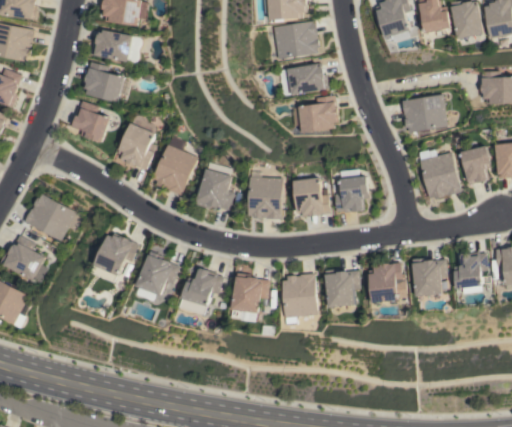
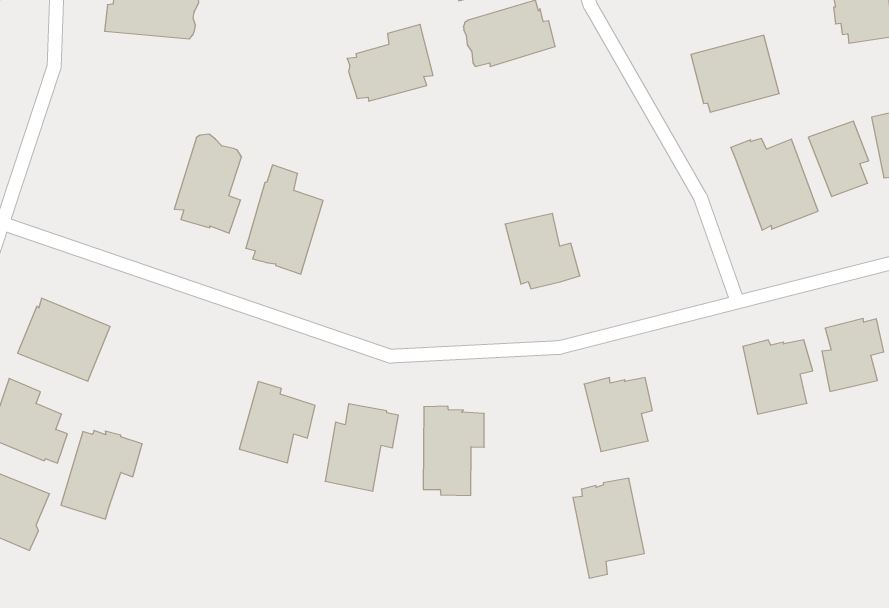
building: [82,62,123,103] -> none
building: [294,95,339,133] -> [347,24,433,101]
building: [70,101,109,143] -> none
building: [195,169,233,210] -> none
building: [247,172,281,219] -> none
building: [334,176,367,213] -> none
building: [92,235,139,283] -> [61,430,142,519]
building: [369,263,407,303] -> none
building: [283,274,318,325] -> [573,478,644,578]

